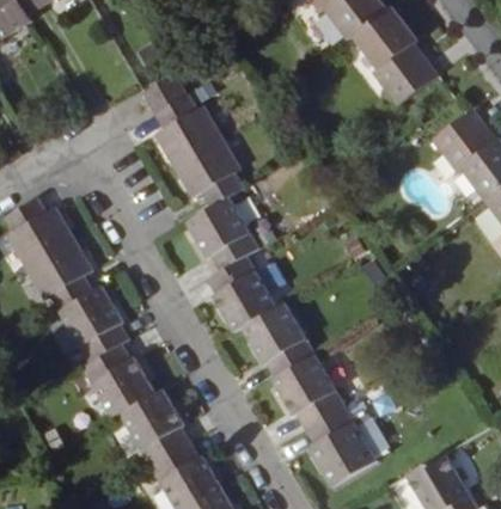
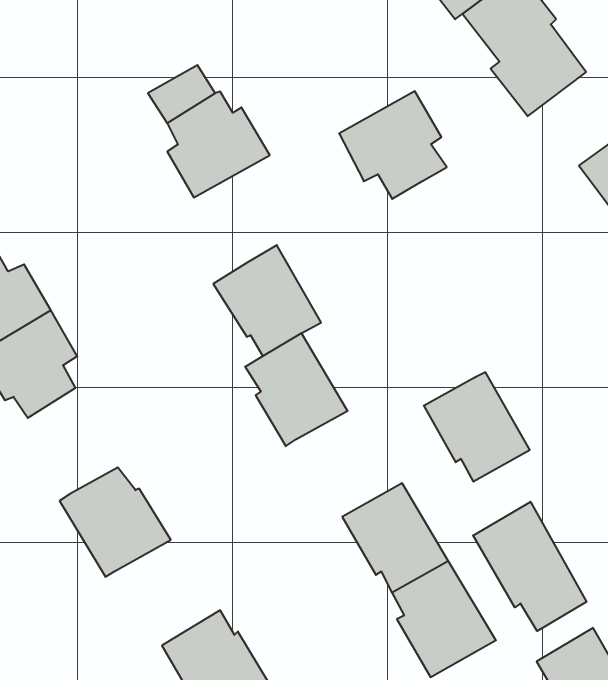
building: [172,134,245,207] -> [339,91,447,199]
building: [60,287,129,363] -> none
building: [242,303,313,378] -> [424,372,530,482]
building: none -> [473,502,586,631]
building: [118,390,190,466] -> none

